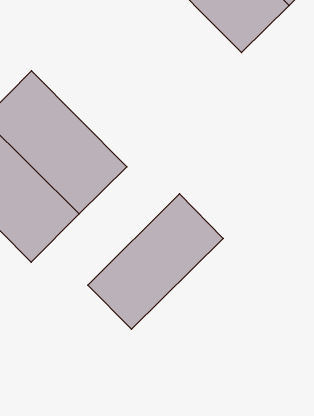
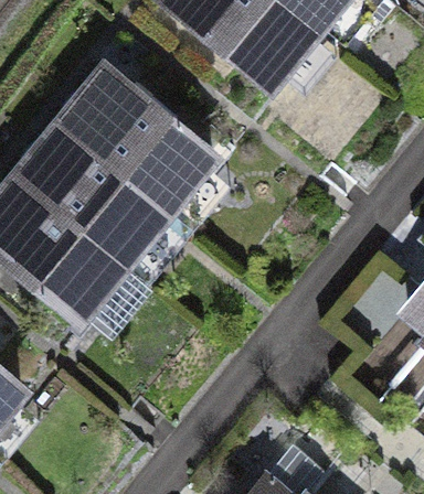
building: none -> [62,68,212,207]
building: [88,194,223,329] -> none

